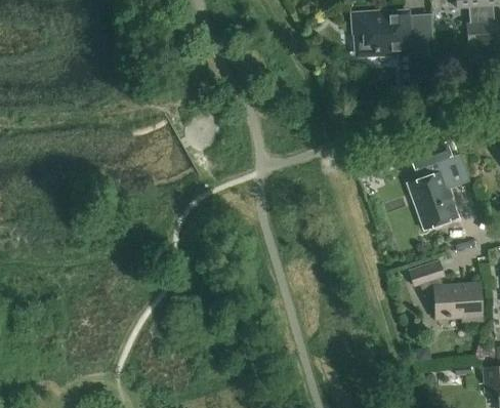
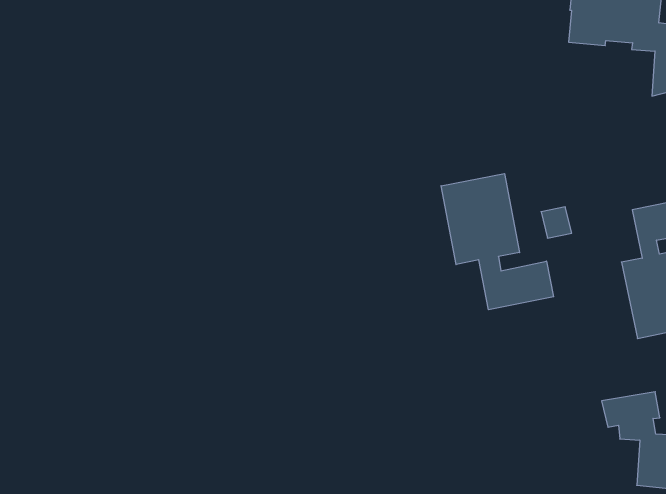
building: none -> [441,174,554,310]

